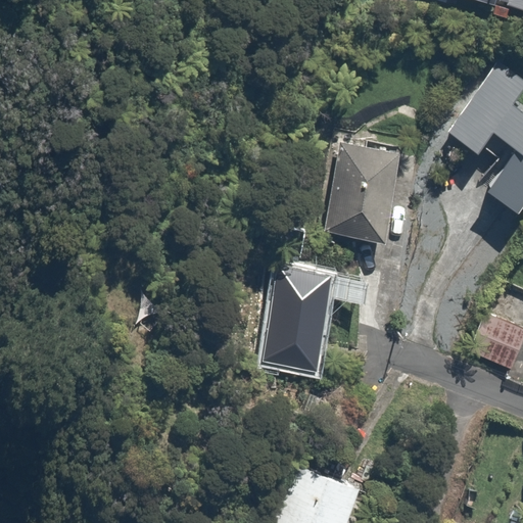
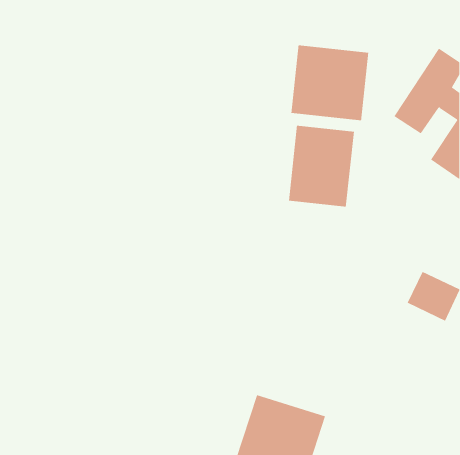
building: none -> [291,45,369,121]
building: [267,273,331,372] -> none

